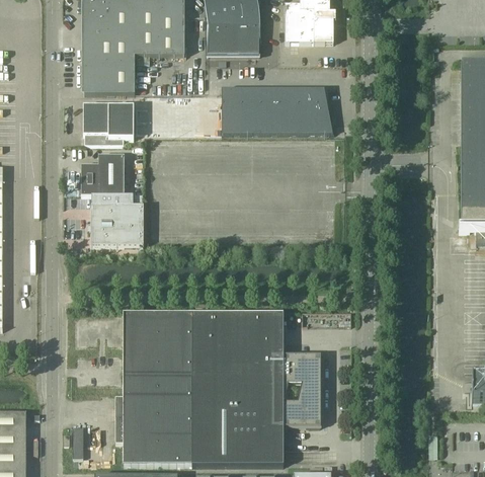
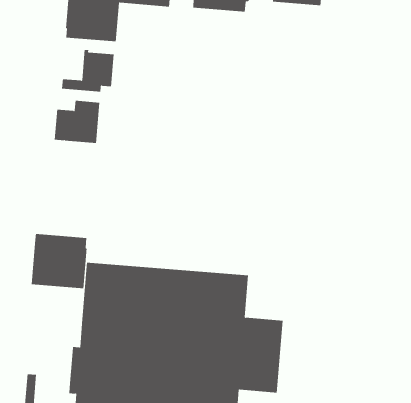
building: [222,87,335,133] -> none
building: [83,103,103,134] -> none
building: [91,194,144,245] -> [31,233,87,289]

